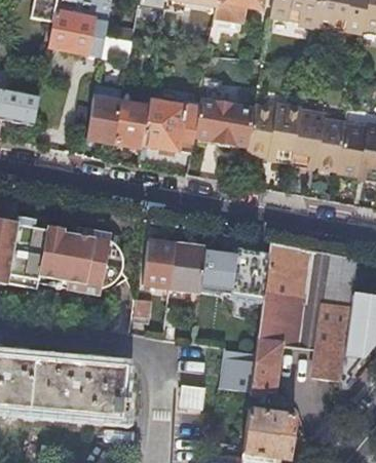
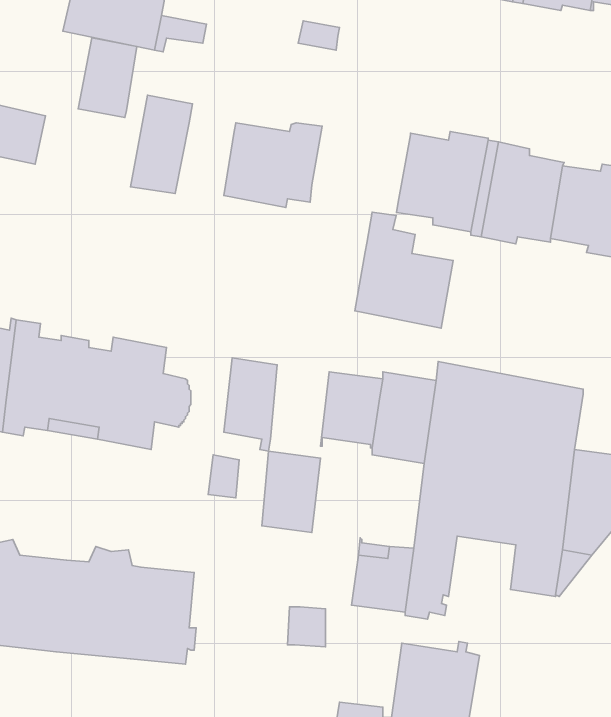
building: [195,78,254,147] -> [355,212,453,328]
building: [114,100,149,147] -> [78,38,137,117]
building: [171,243,205,292] -> [262,451,320,533]

